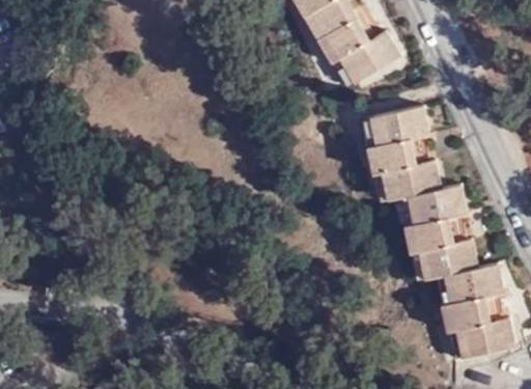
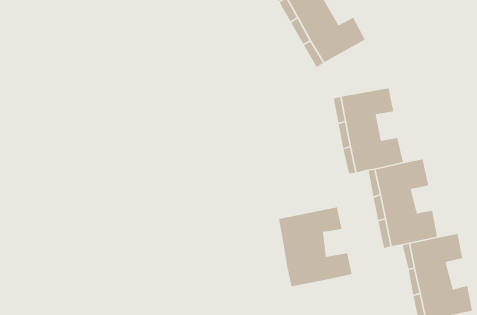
building: none -> [278,206,352,287]

